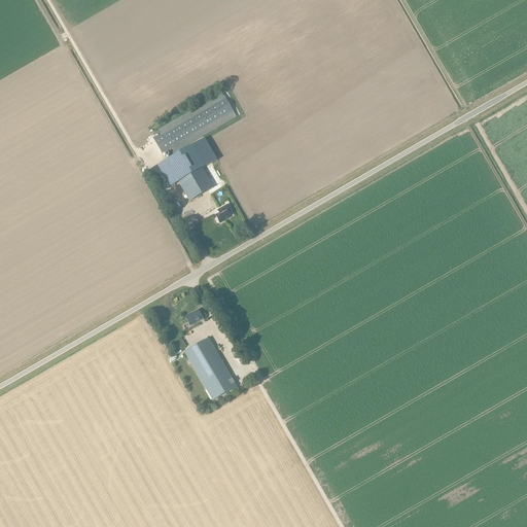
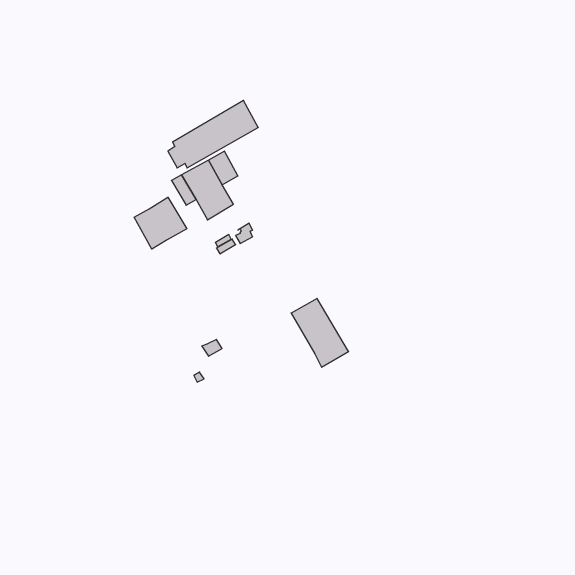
building: none -> [134,197,187,249]
building: [185,338,238,400] -> [291,298,349,367]

